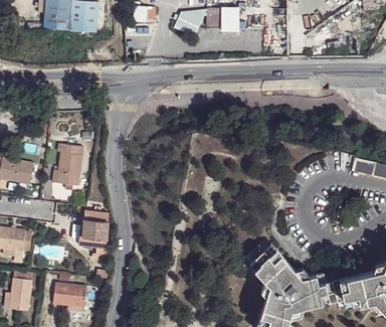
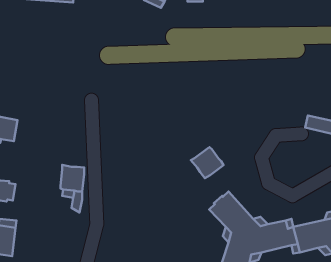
building: [55,144,83,186] -> none
building: none -> [191,147,224,178]
building: [53,283,87,308] -> none

